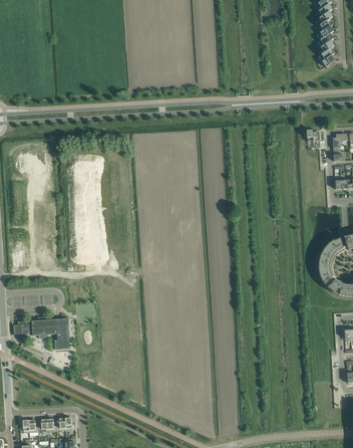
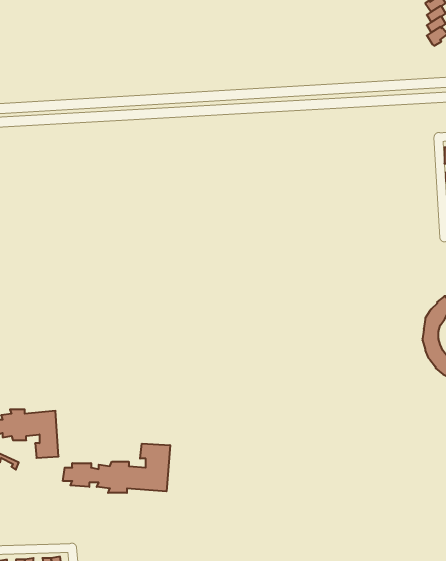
building: none -> [63,444,170,493]

